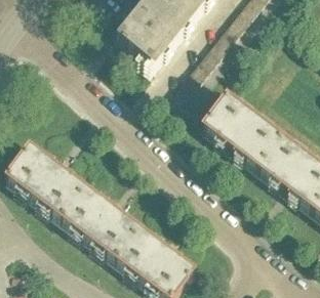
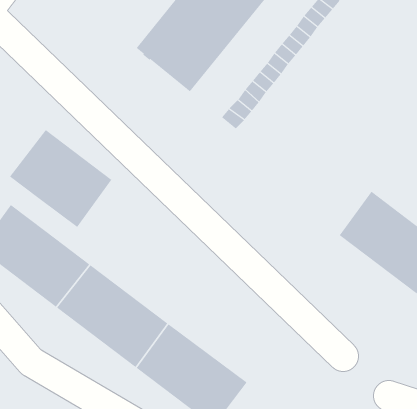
building: none -> [9,129,112,228]
building: [199,95,277,167] -> none

